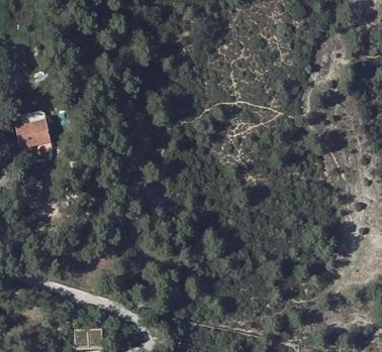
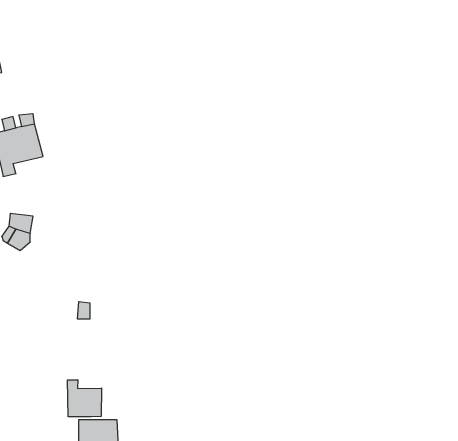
building: none -> [68,380,101,417]

